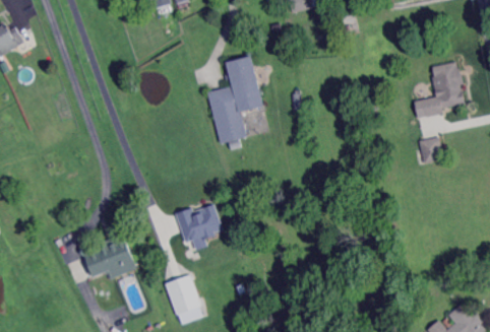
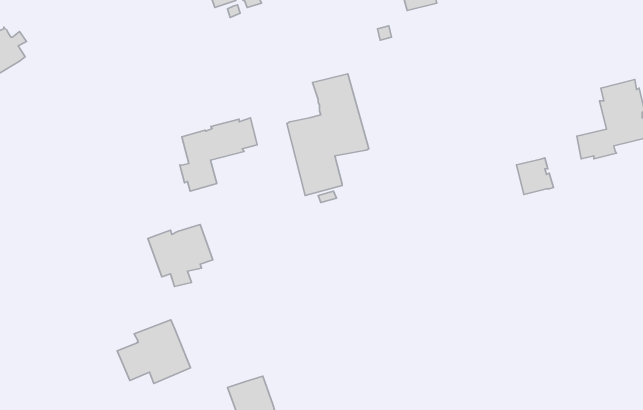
building: none -> [180,118,257,191]
building: [420,137,446,163] -> [517,158,553,194]
building: [175,203,222,248] -> [148,224,213,287]

